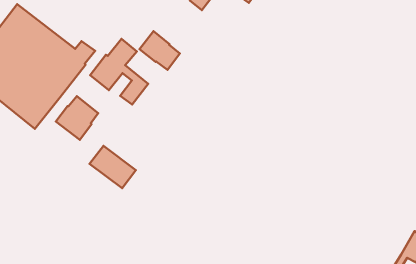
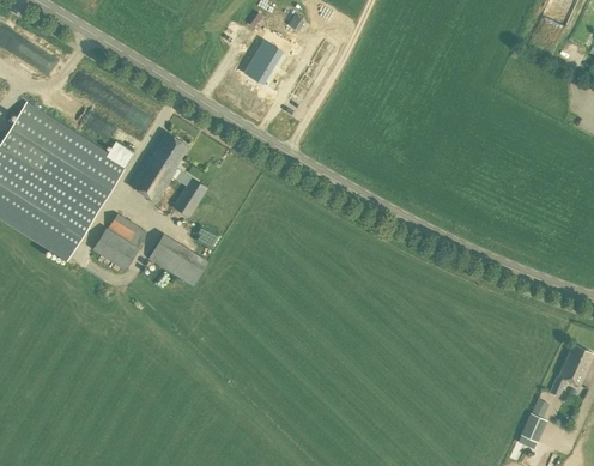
building: [139,31,180,70] -> none
building: [90,146,136,188] -> [146,234,207,286]

